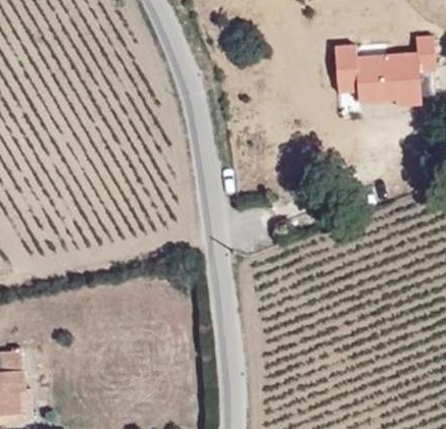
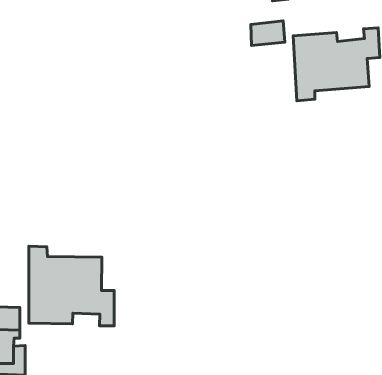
building: none -> [251,21,285,45]
building: none -> [29,246,114,326]

